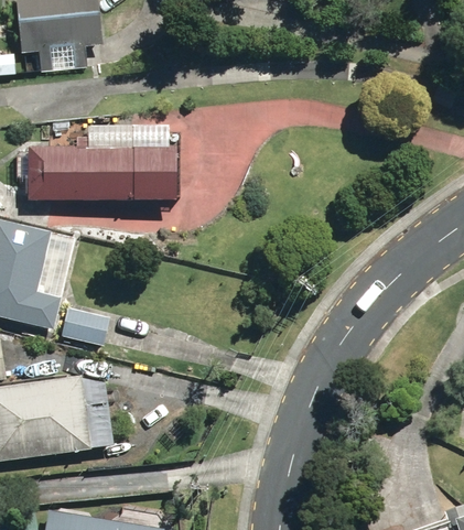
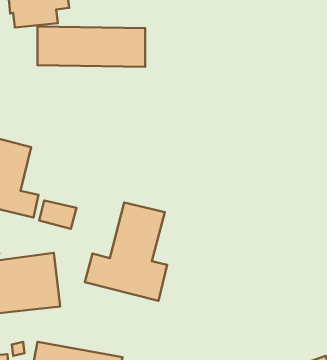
building: [26,148,173,203] -> [38,26,145,67]
building: none -> [85,203,167,301]

